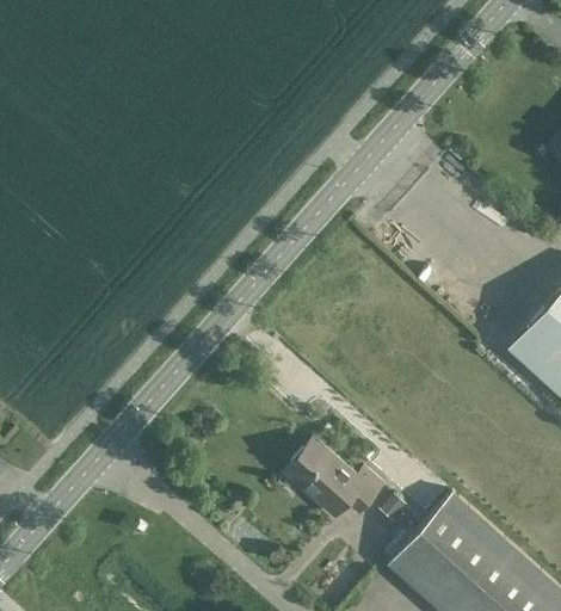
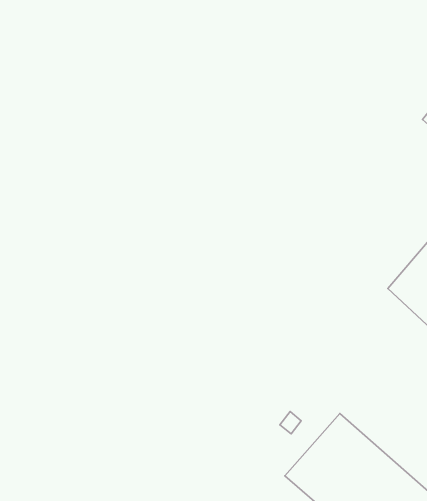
building: [284,442,382,519] -> none

